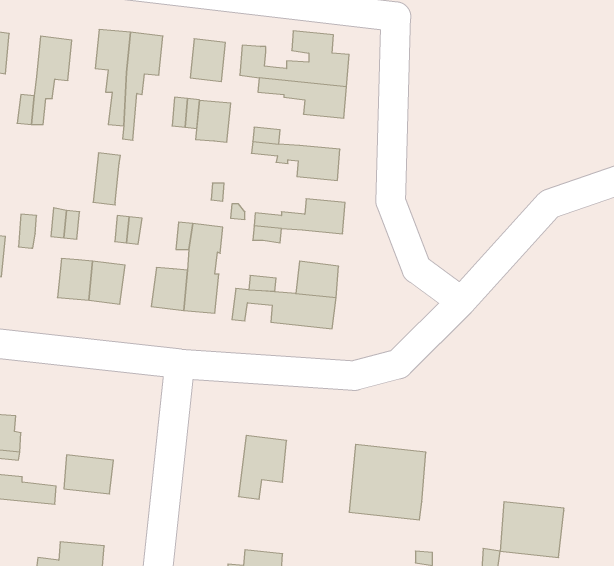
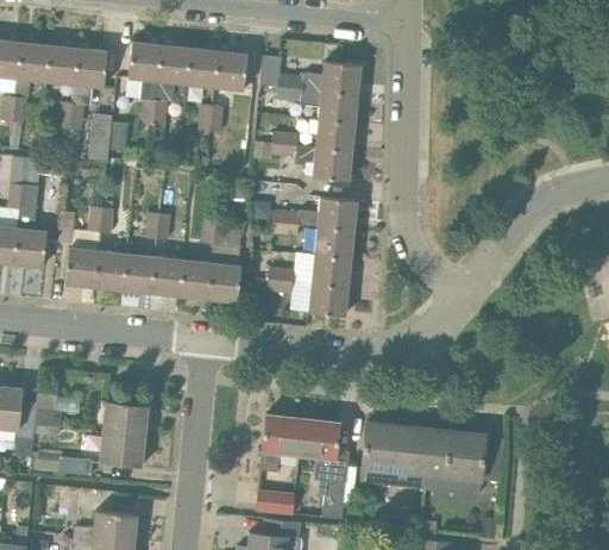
building: none -> [46,45,79,85]
building: [196,101,231,142] -> [187,48,219,86]
building: none -> [315,119,356,151]
building: [93,153,120,205] -> [88,113,113,161]
building: none -> [315,225,354,258]
building: none -> [65,249,98,287]
building: none -> [151,257,184,295]
building: none -> [102,401,149,436]
building: none -> [300,418,346,519]
building: [500,502,564,558] -> [427,429,485,480]
building: none -> [256,489,295,513]

